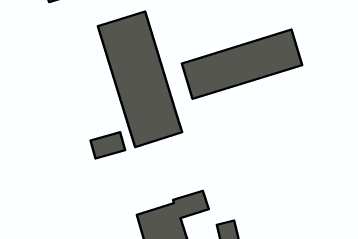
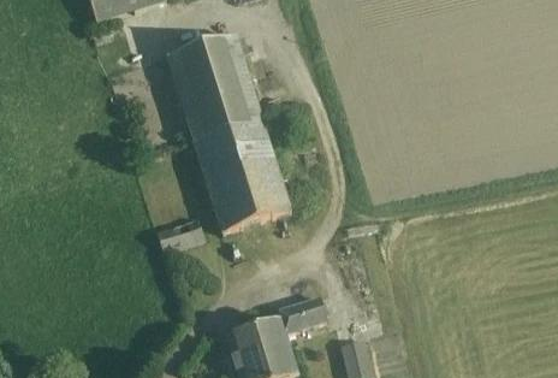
building: [182,30,302,99] -> none

